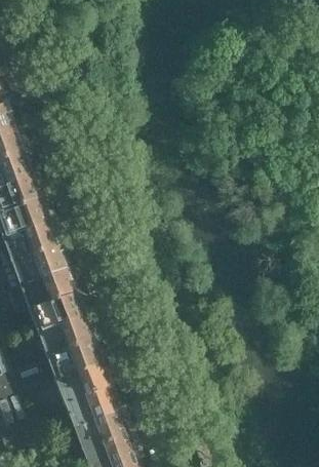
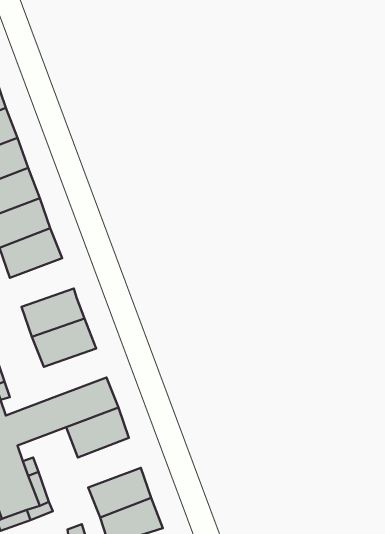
building: [14,244,65,282] -> none
building: [41,315,90,353] -> none
building: [68,385,117,424] -> none

